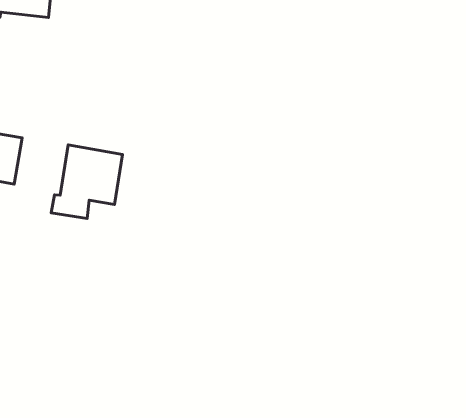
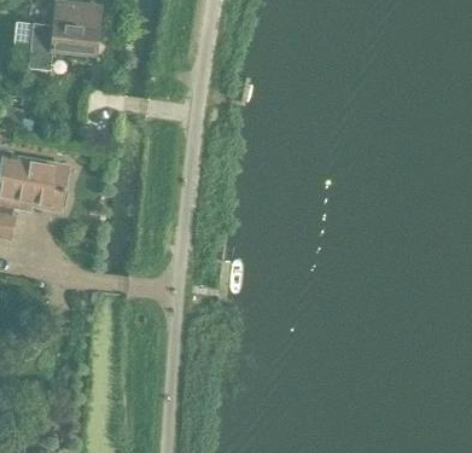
building: [51,145,123,219] -> none

